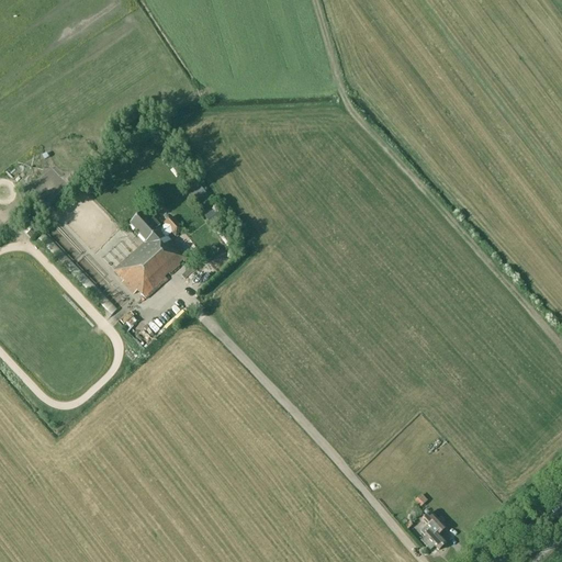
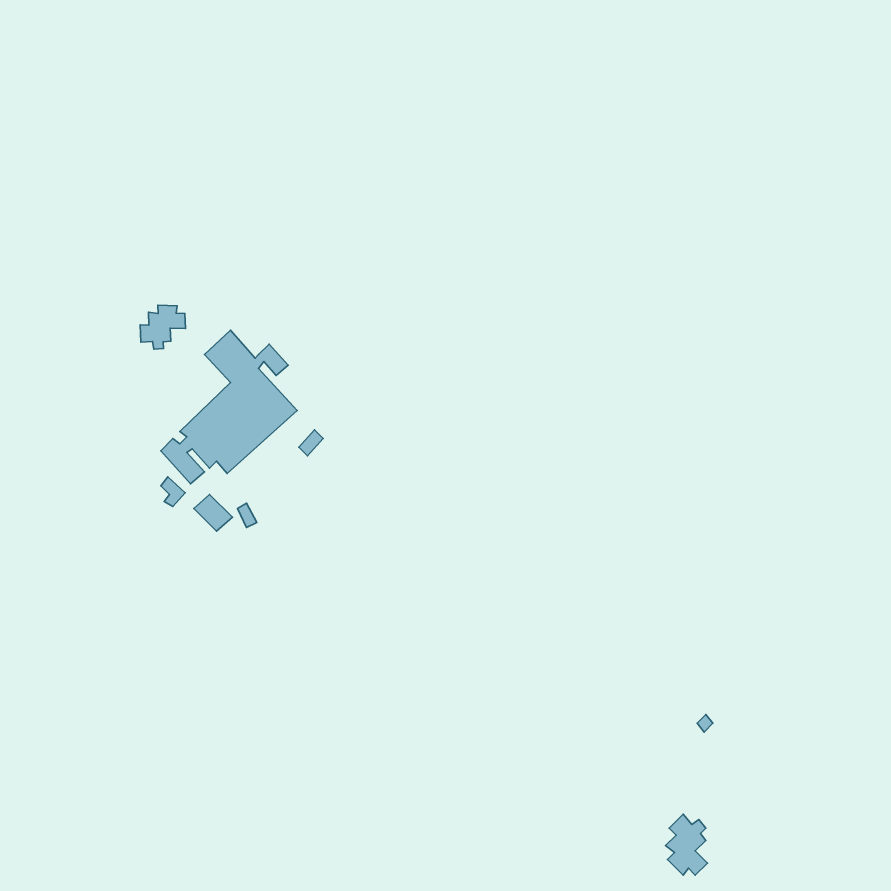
building: none -> [140,305,185,349]

